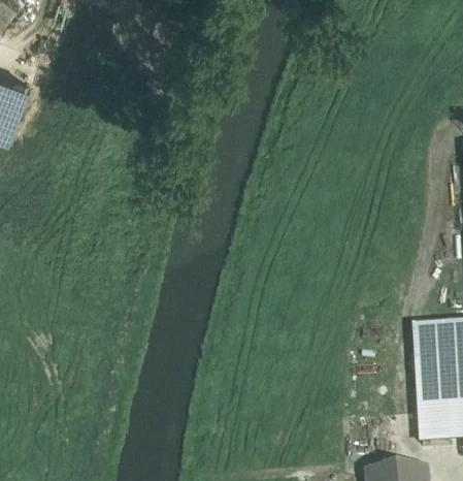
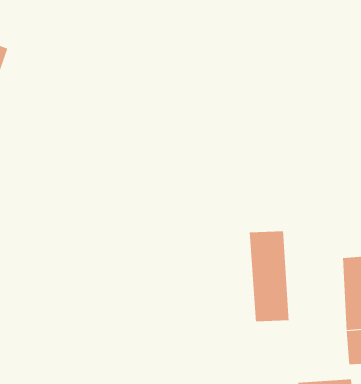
building: none -> [249,230,289,322]

